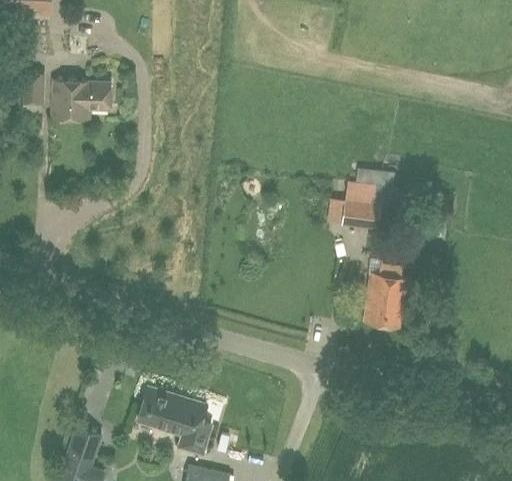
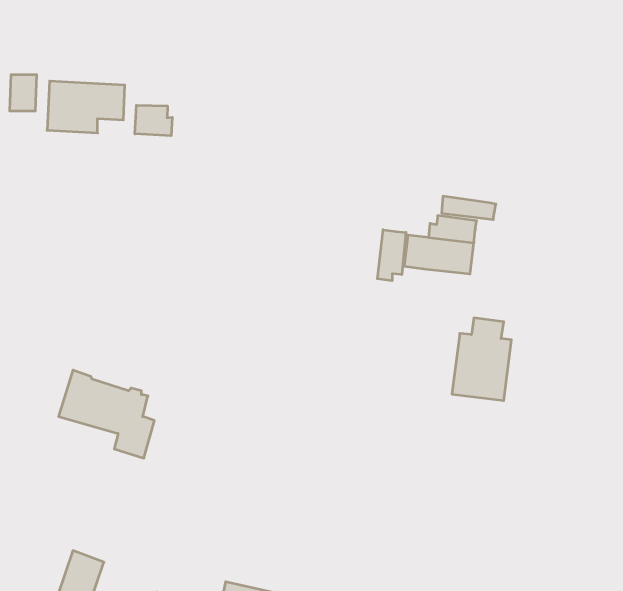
building: none -> [135,105,172,136]
building: none -> [377,230,406,281]
building: [136,385,210,453] -> [59,370,154,458]

